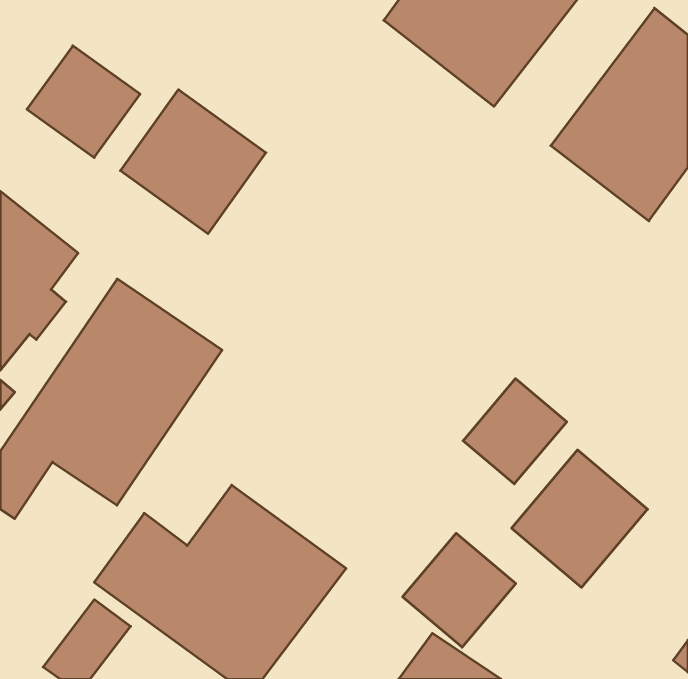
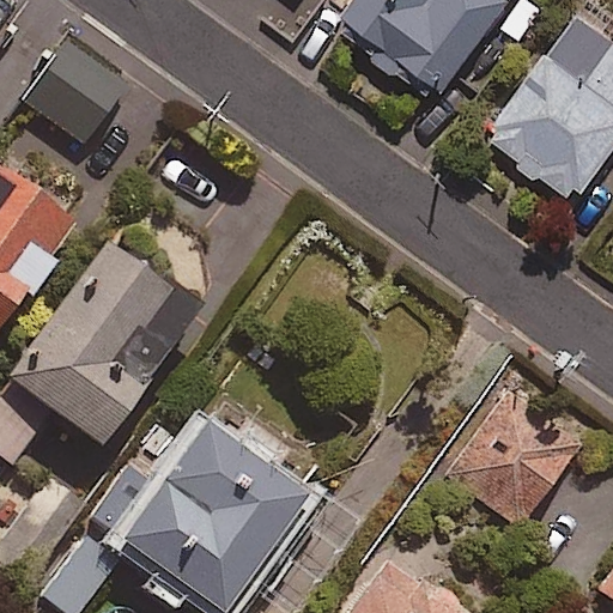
building: [120,90,266,234] -> none
building: [463,379,567,484] -> none
building: [403,533,516,647] -> none

